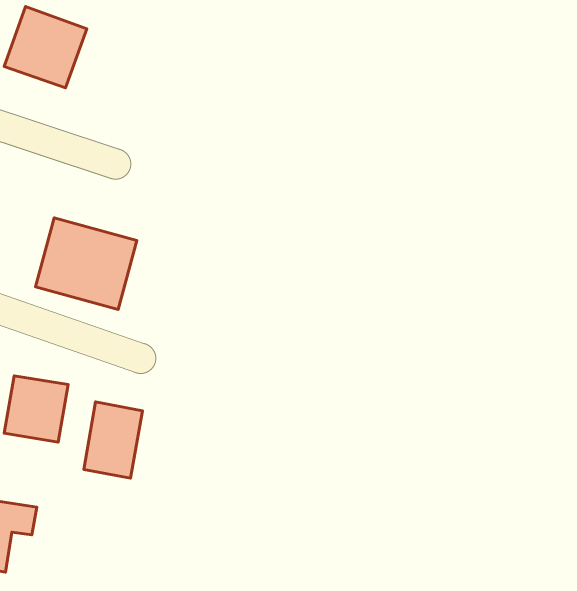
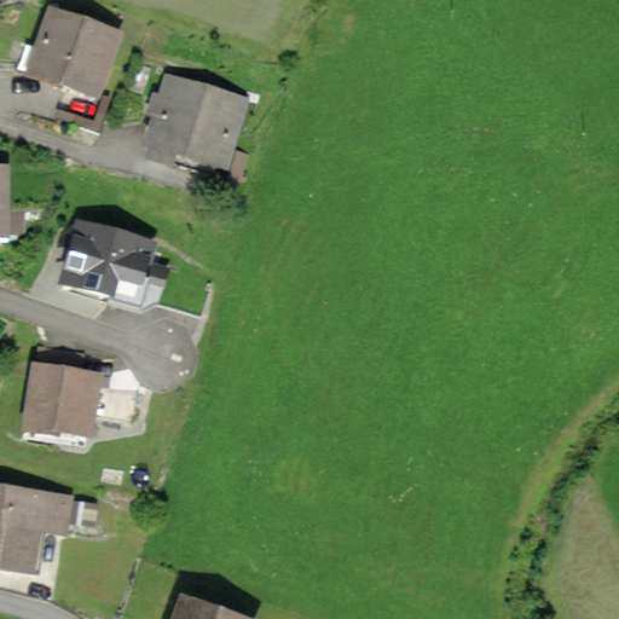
building: none -> [151,76,241,160]
building: [84,402,142,478] -> none

